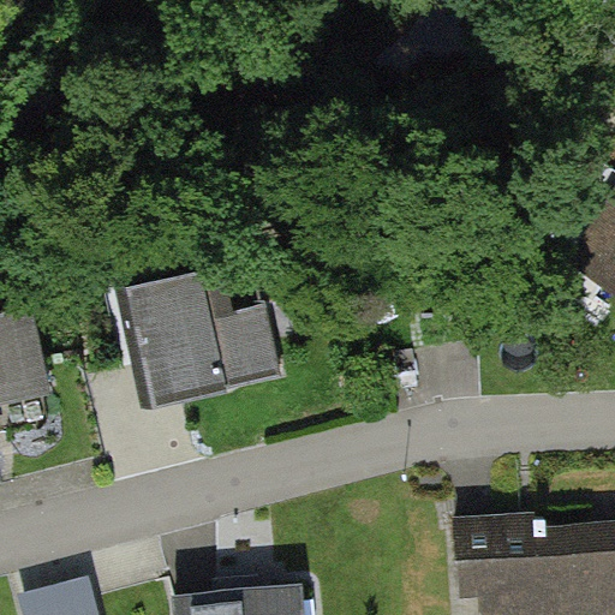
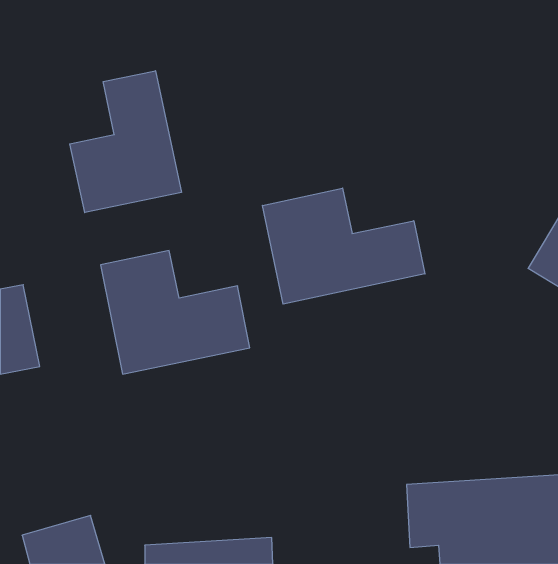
building: none -> [70,71,181,213]
building: none -> [262,188,425,304]

